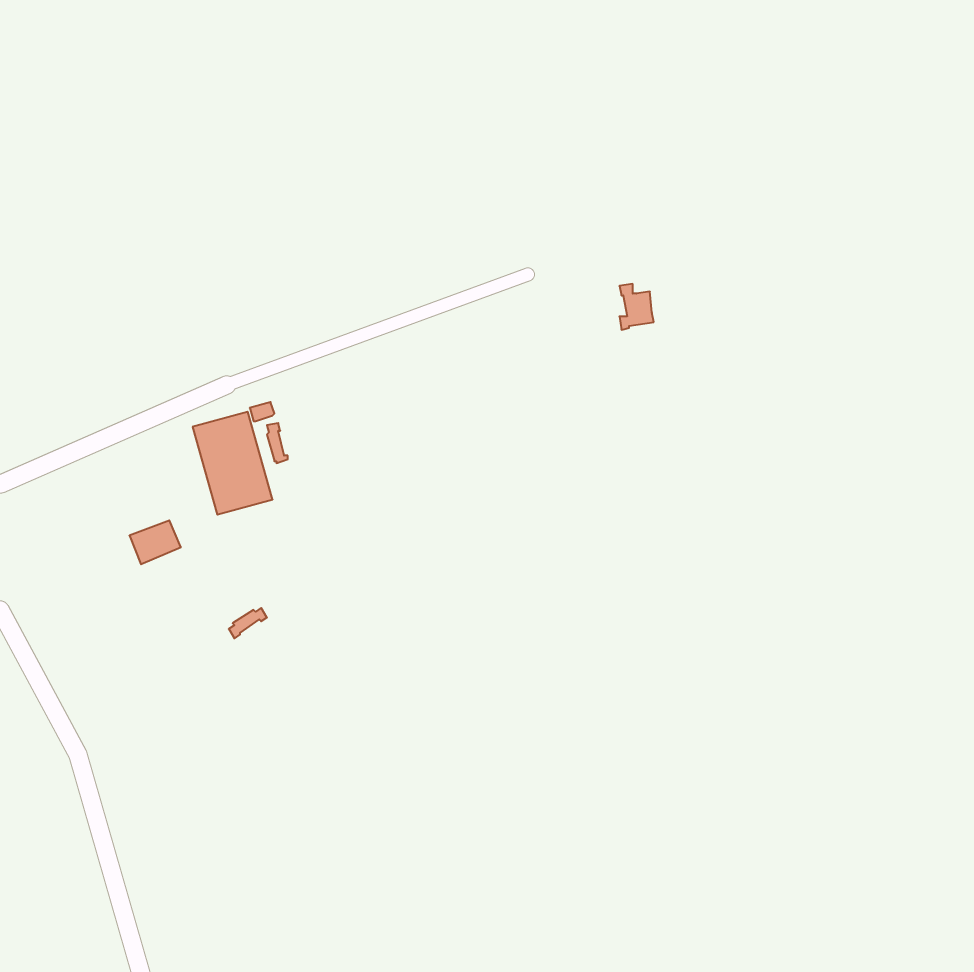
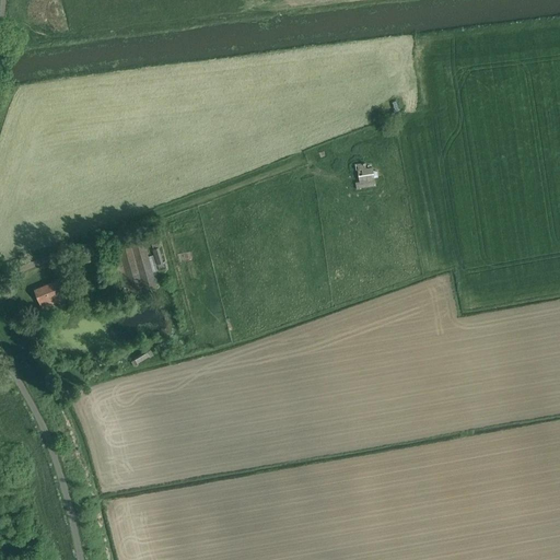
building: [129,520,181,564] -> [35,282,65,307]

